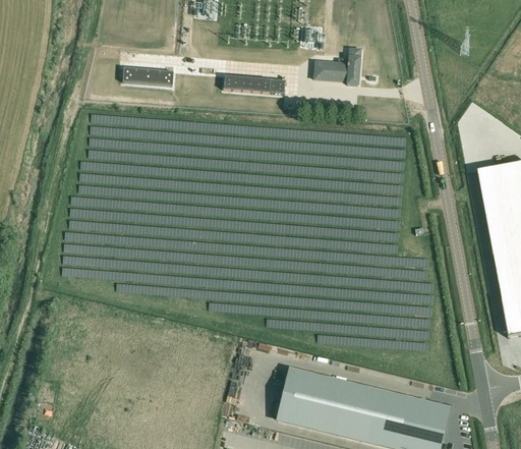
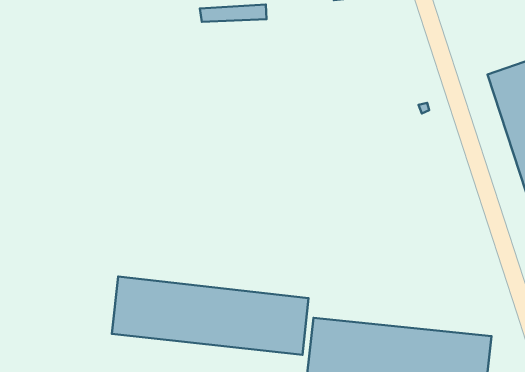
building: [123,68,174,86] -> none
building: none -> [112,276,309,355]

